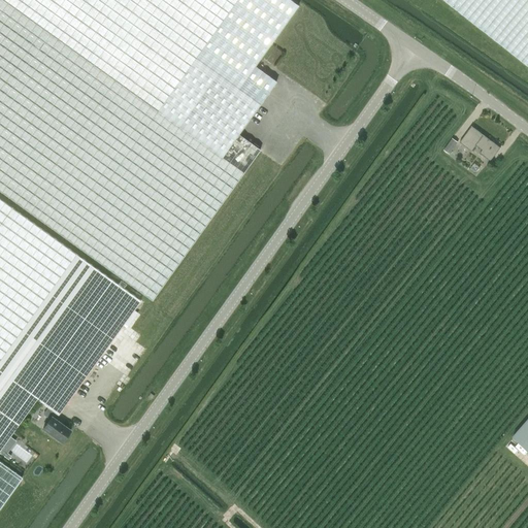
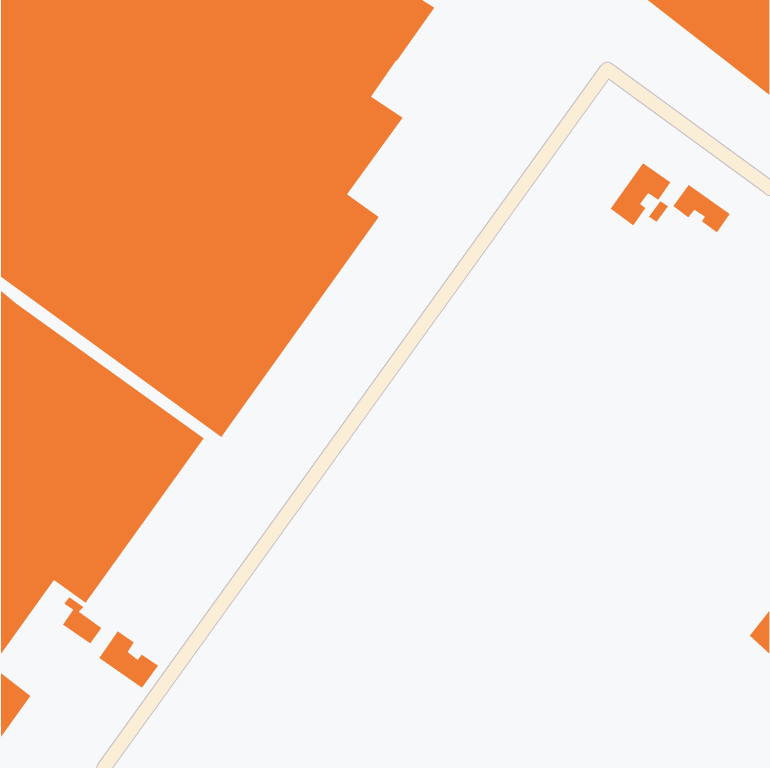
building: none -> [609,162,672,226]
building: none -> [98,630,159,689]

